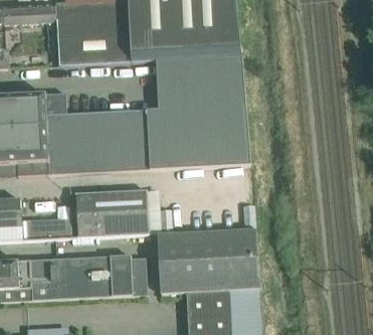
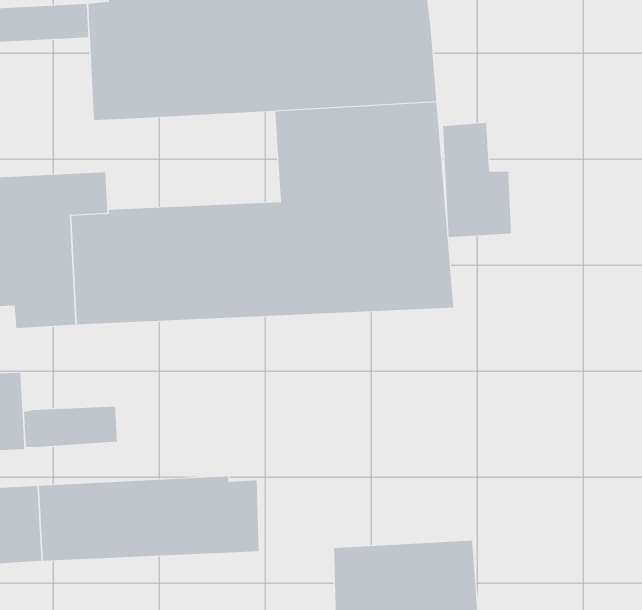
building: none -> [443,122,511,238]
building: [75,190,150,237] -> none
building: [158,228,262,294] -> none

